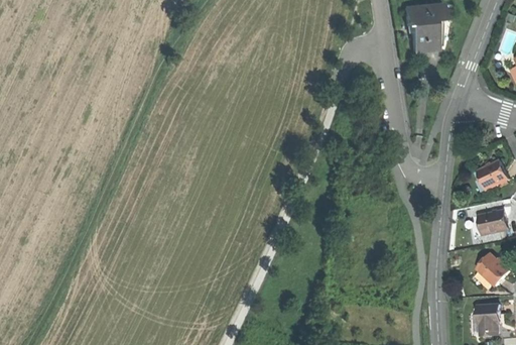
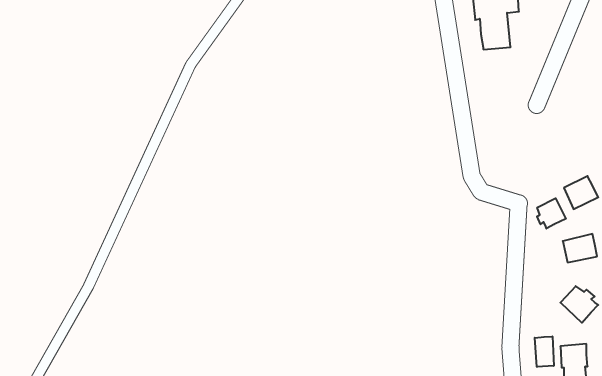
building: none -> [537,198,566,229]
building: none -> [535,336,554,367]

